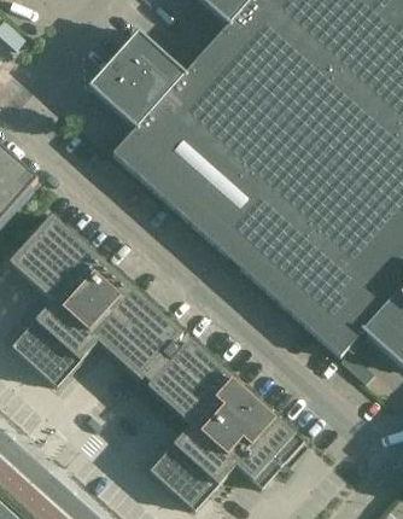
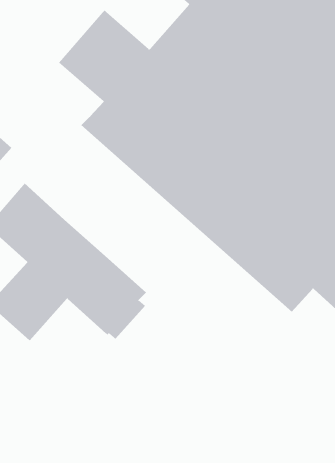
building: [146,338,303,508] -> none

